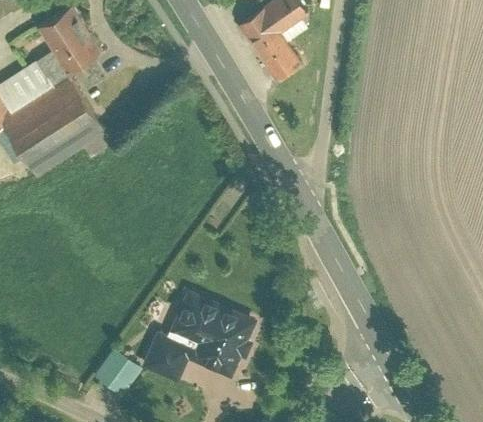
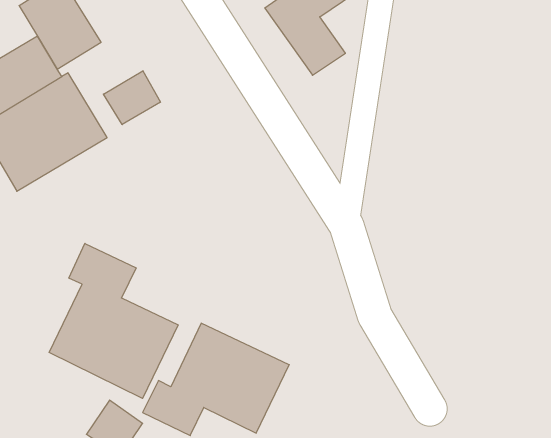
building: none -> [103,71,160,125]
building: none -> [49,243,178,398]

